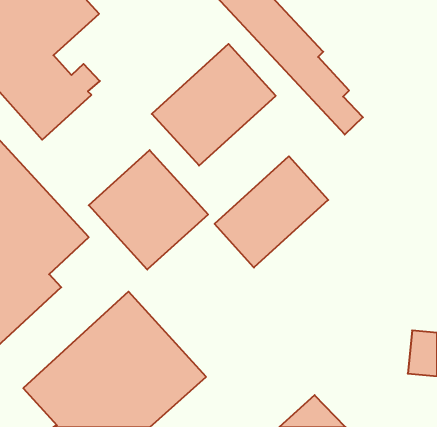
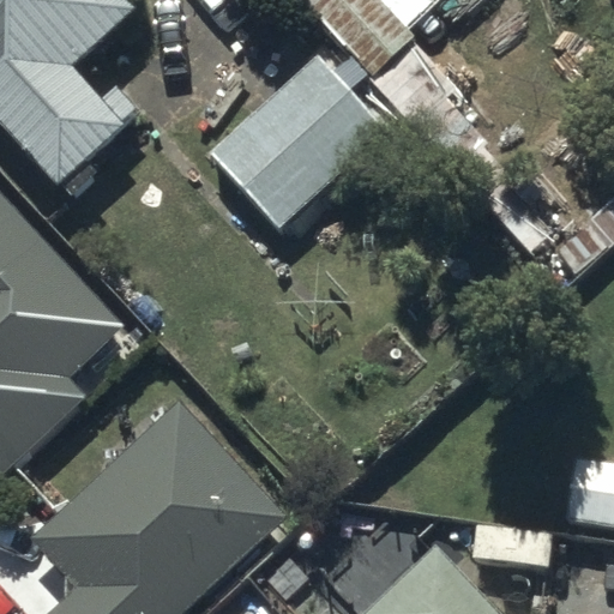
building: [89,150,208,270] -> none
building: [215,156,328,268] -> none

